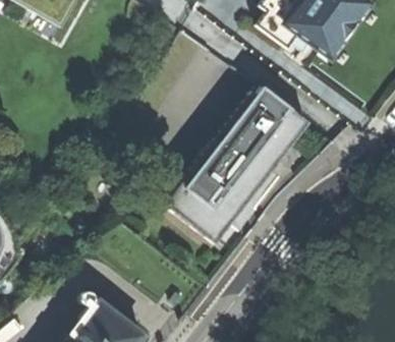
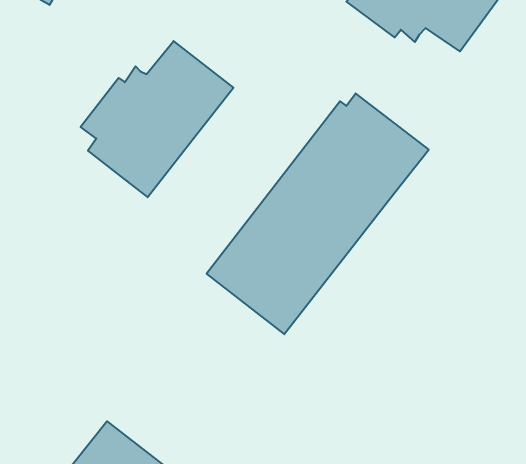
building: none -> [81,41,233,197]

